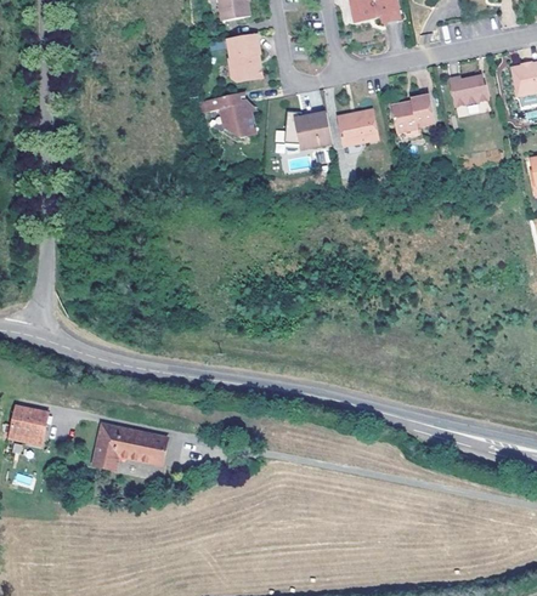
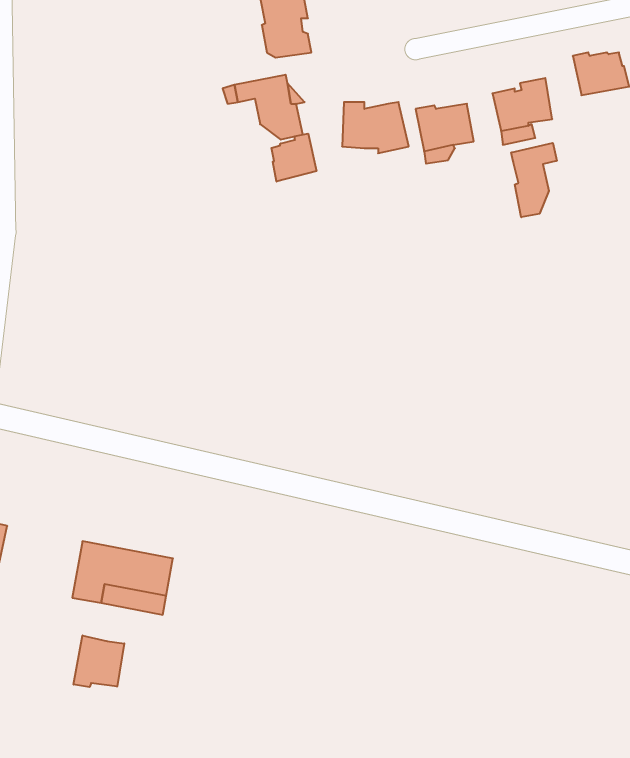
building: none -> [271,134,316,182]
building: none -> [511,143,557,217]
building: none -> [74,635,124,687]

